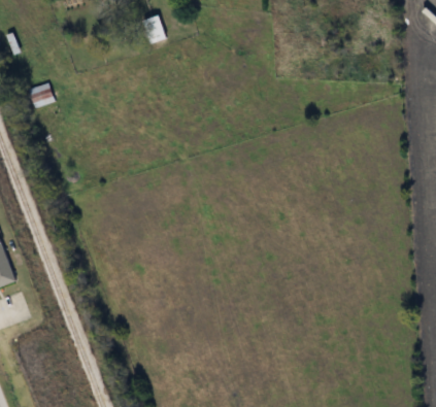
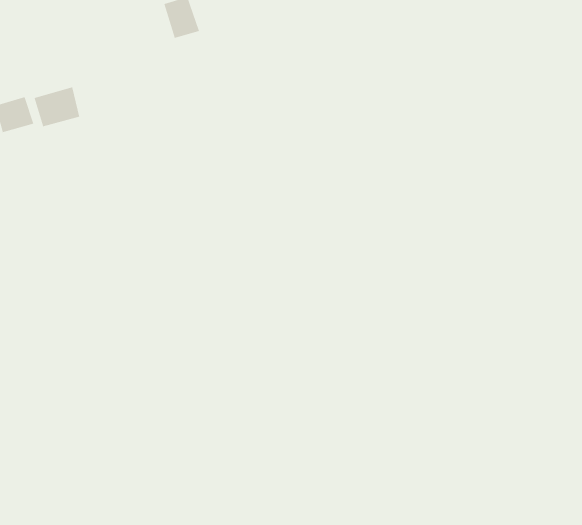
building: none -> [34,86,80,127]

